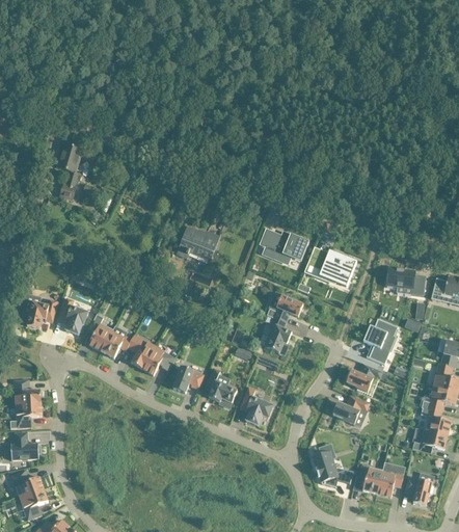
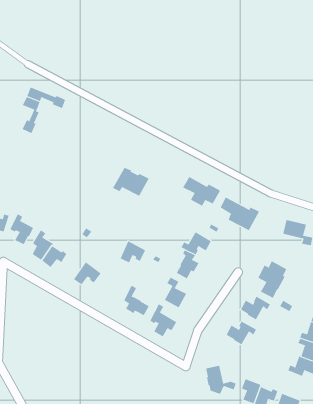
building: [128,334,155,368] -> none
building: none -> [164,277,187,308]
building: [173,365,204,392] -> [120,240,146,263]

